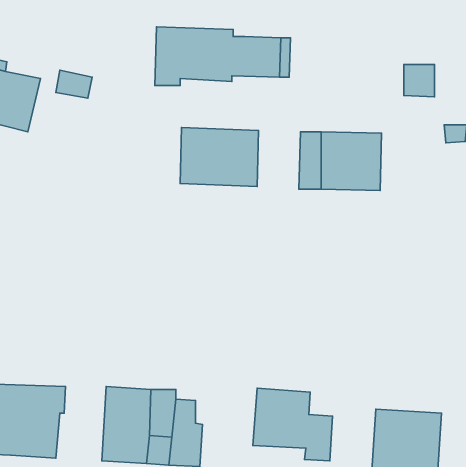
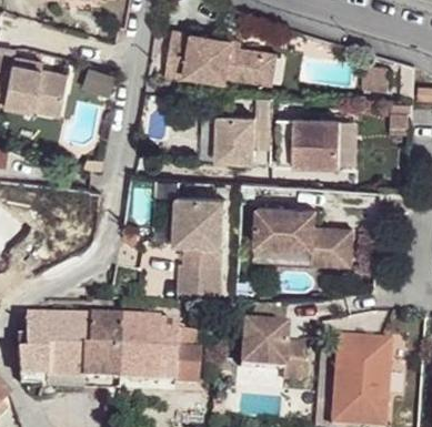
building: none -> [175,196,225,295]
building: none -> [257,207,353,267]
building: none -> [84,321,124,379]

